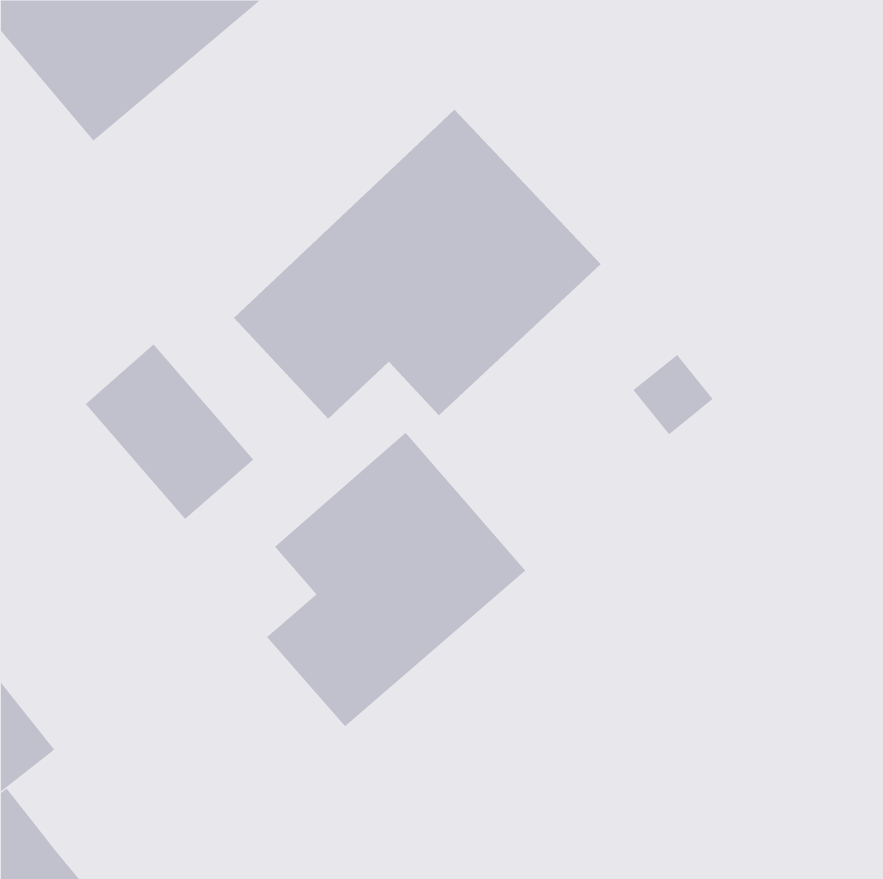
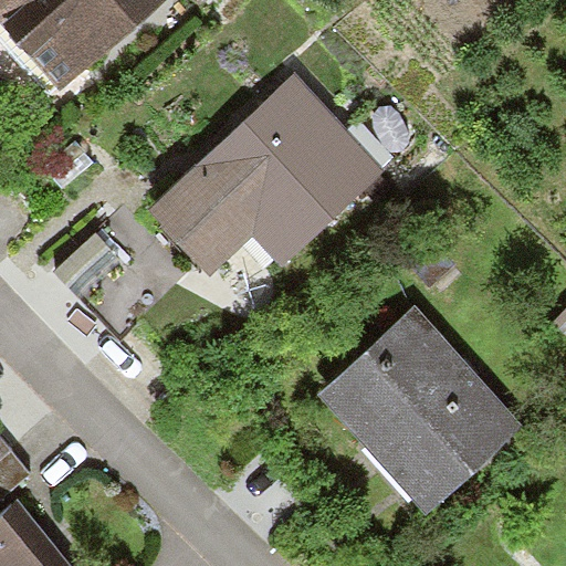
building: [266,432,526,727] -> none
building: none -> [319,307,521,509]

